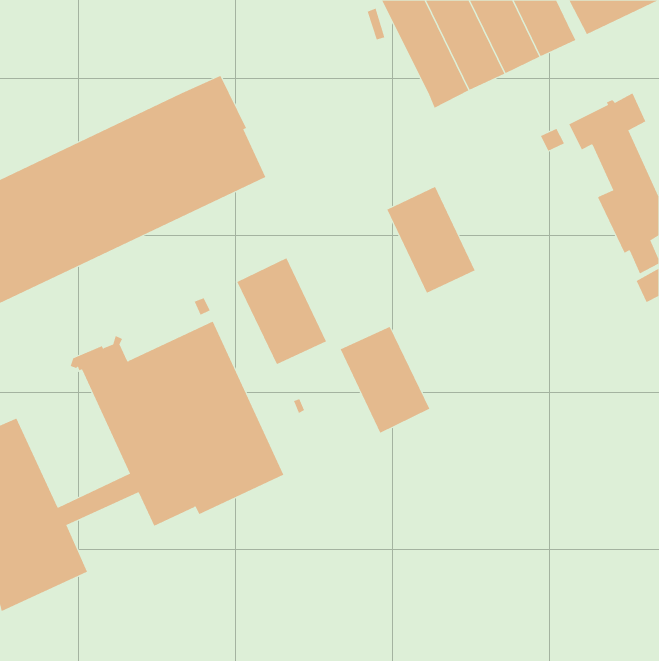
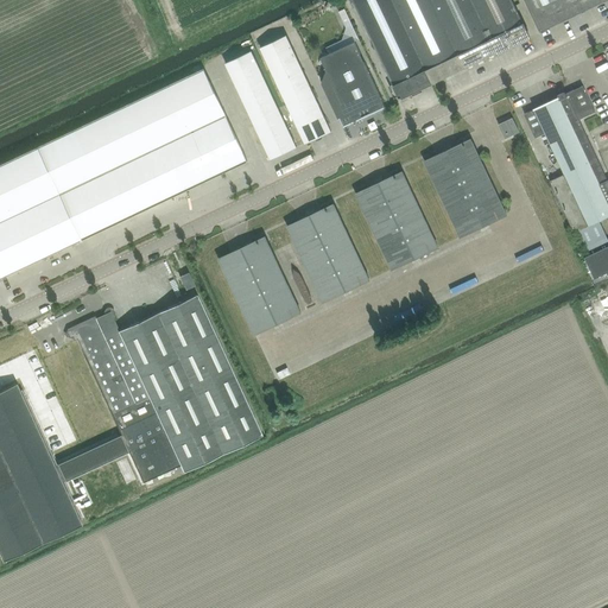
building: none -> [259,34,330,144]
building: none -> [319,42,384,127]
building: none -> [224,51,296,159]
building: none -> [423,139,506,238]
building: [340,326,430,433] -> [286,204,369,303]

